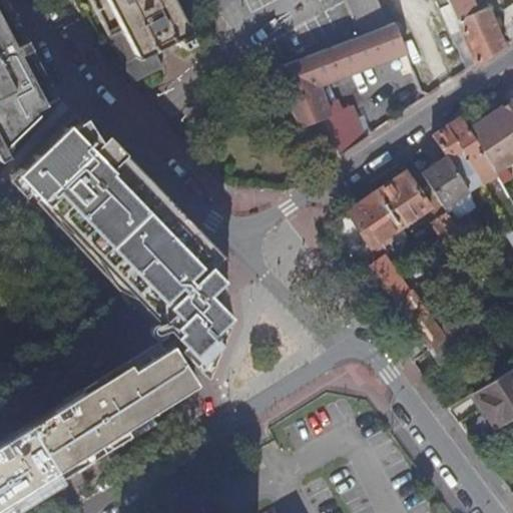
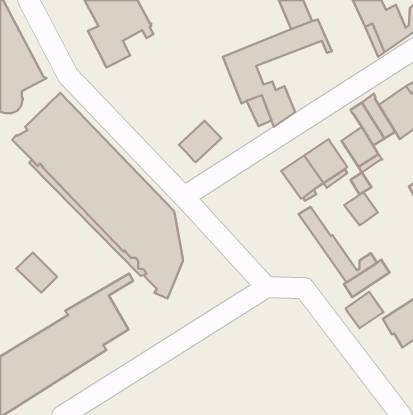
building: none -> [179,121,221,162]
building: none -> [344,192,378,225]
building: none -> [16,252,57,292]
building: [137,341,201,407] -> none
building: none -> [346,292,383,328]

